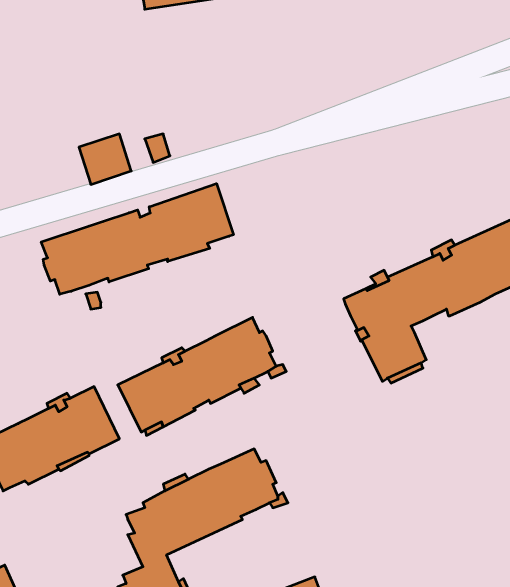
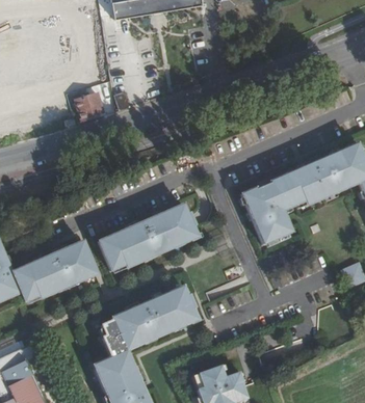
building: [41,184,233,294] -> none

